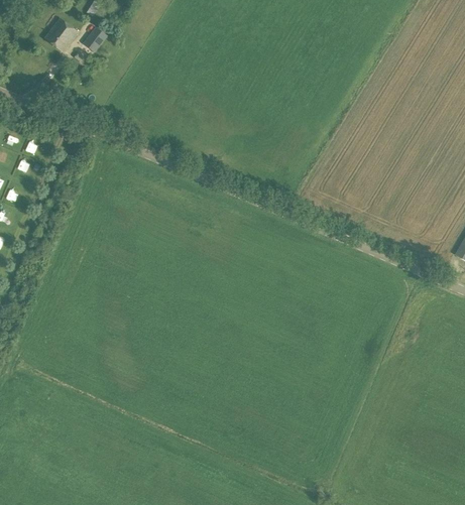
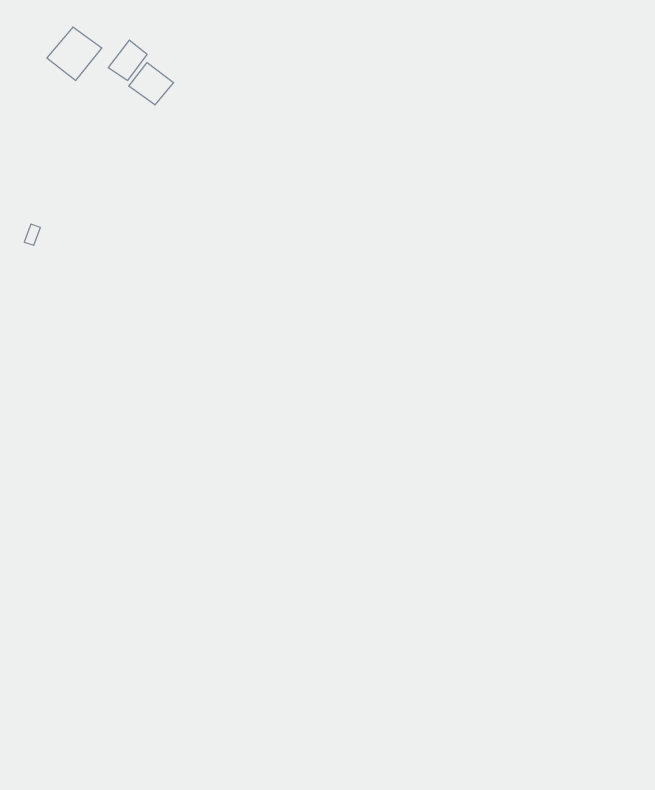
building: none -> [129,63,174,105]

